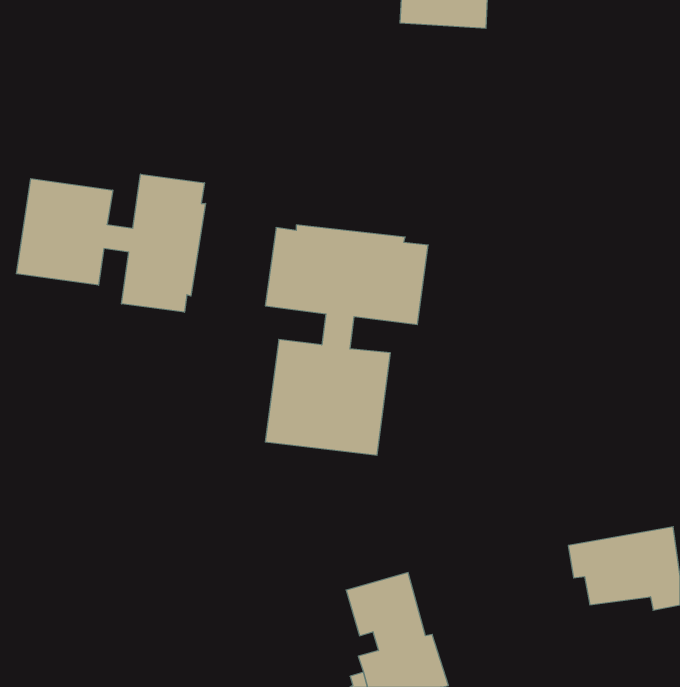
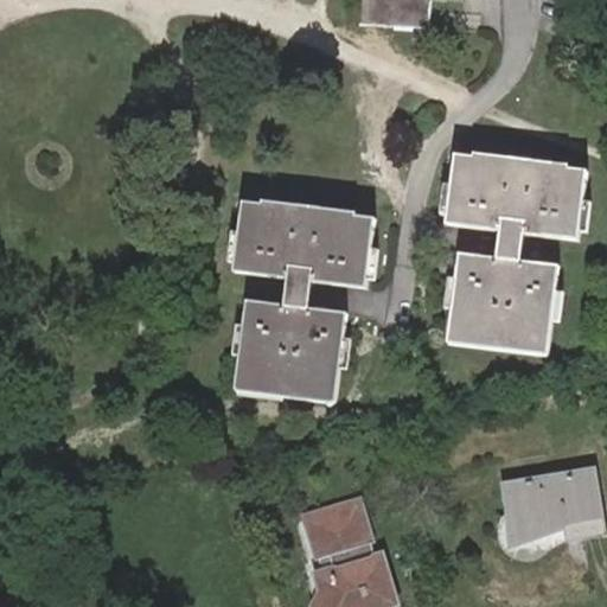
building: none -> [445,152,586,353]
building: [16,174,206,312] -> none

